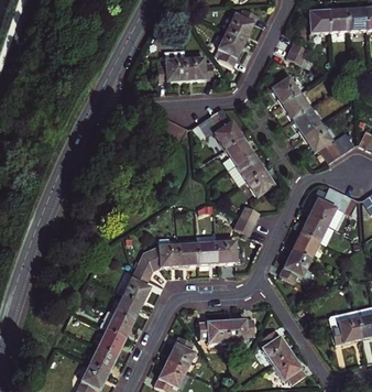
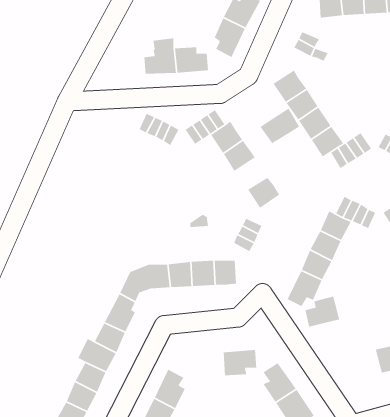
building: [229,153,264,185] -> [259,108,300,145]
building: [331,318,362,346] -> [305,296,340,328]
building: [199,320,227,342] -> none

